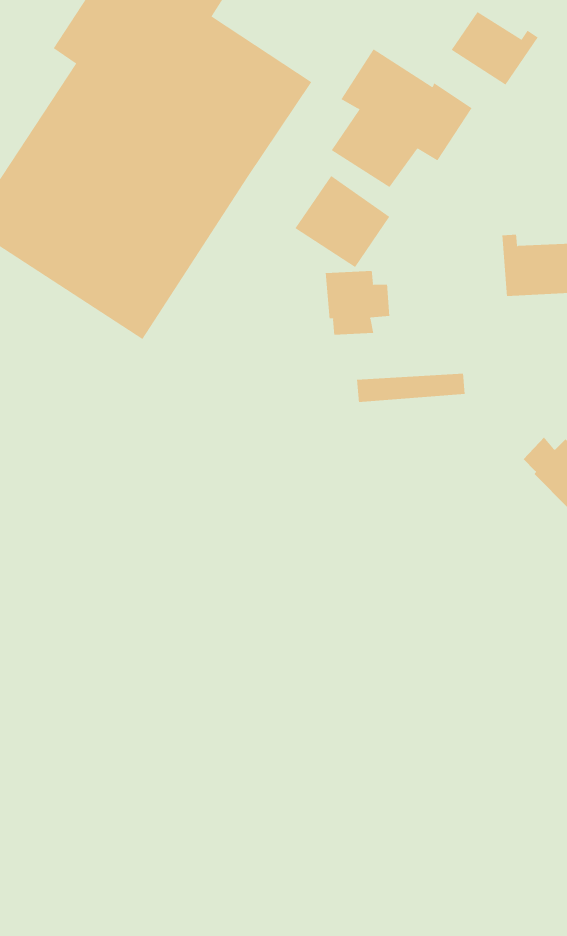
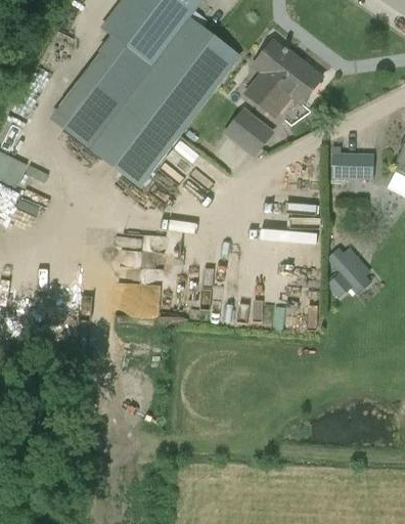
building: [451,11,538,85] -> none
building: [325,270,390,336] -> none

